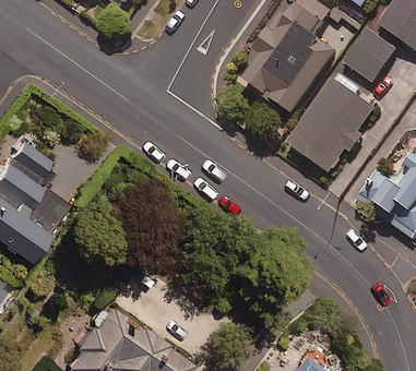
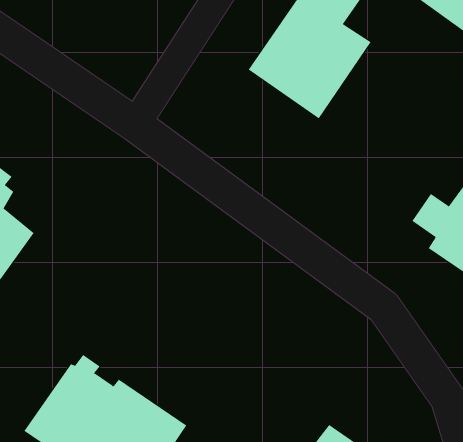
building: [342,27,394,81] -> none
building: [285,74,377,172] -> none

